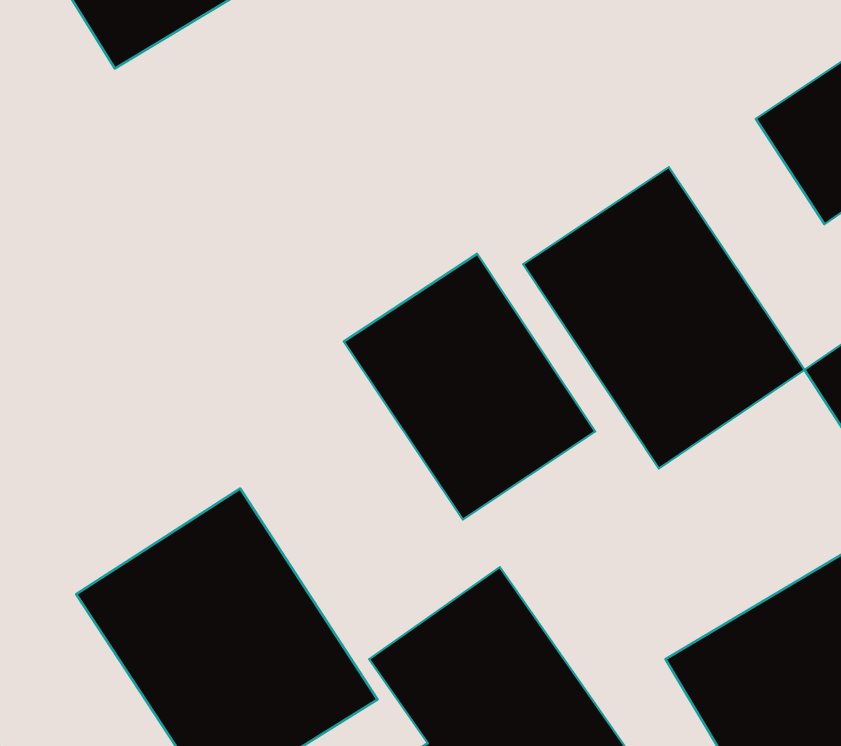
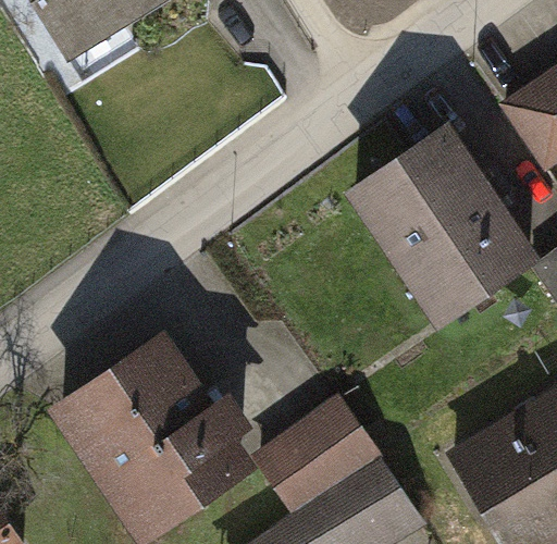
building: [344,254,595,519] -> none

